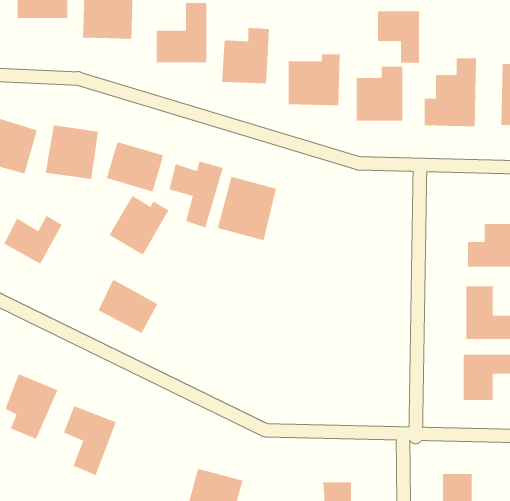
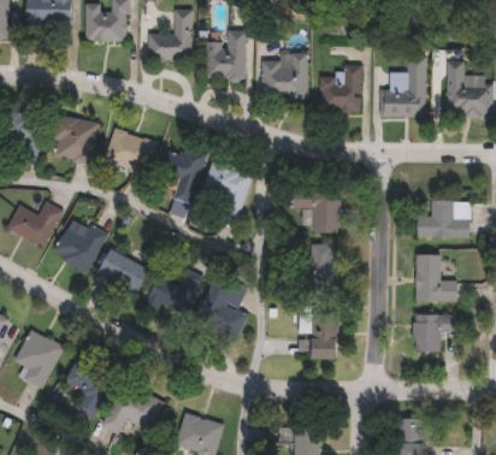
building: [377,10,420,64] -> none
building: [109,195,170,256] -> [59,212,112,265]
building: none -> [294,191,341,235]
building: none -> [301,244,337,291]
building: none -> [147,271,205,320]
building: none -> [197,276,249,341]
building: none -> [299,312,338,360]
building: none -> [102,383,165,436]

